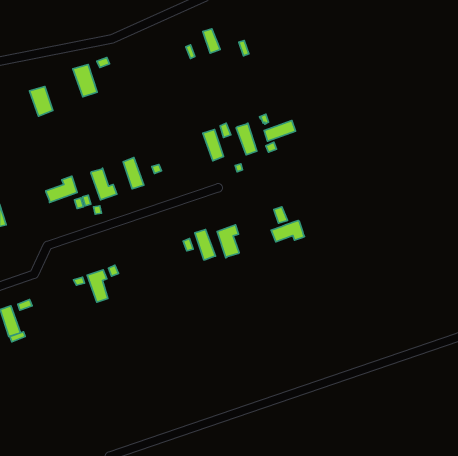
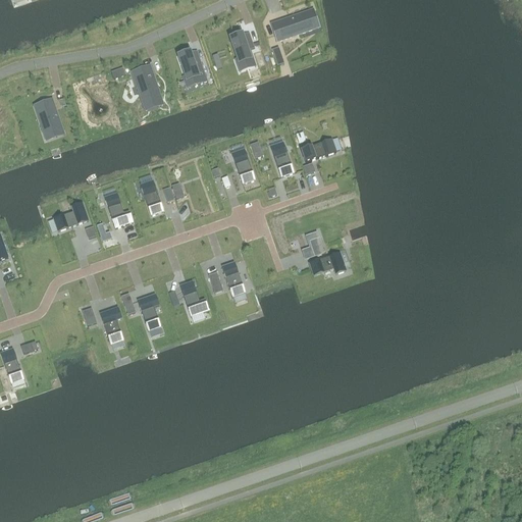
building: none -> [273,10,311,39]
building: none -> [182,47,207,82]
building: [73,64,97,97] -> [132,64,159,101]
building: [217,225,239,258] -> none
building: none -> [178,279,207,314]
building: none -> [137,293,159,329]

